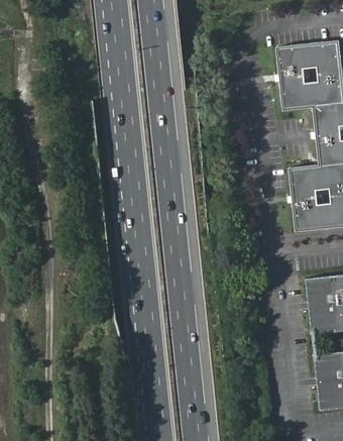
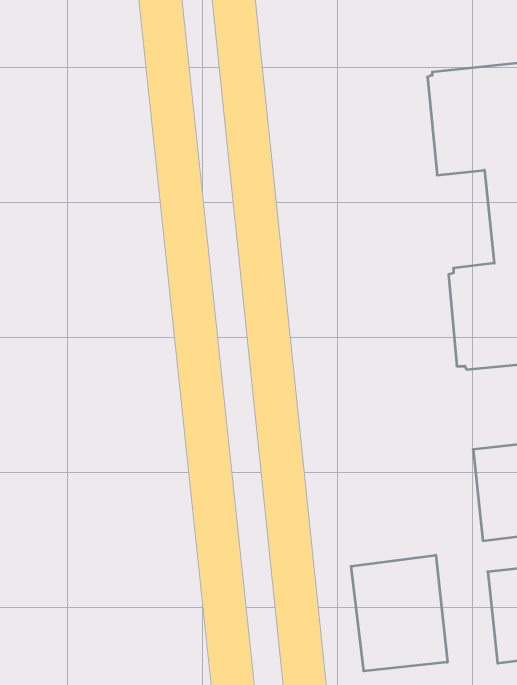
building: none -> [351,555,447,671]

